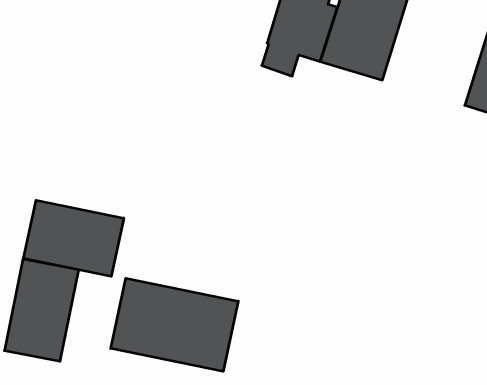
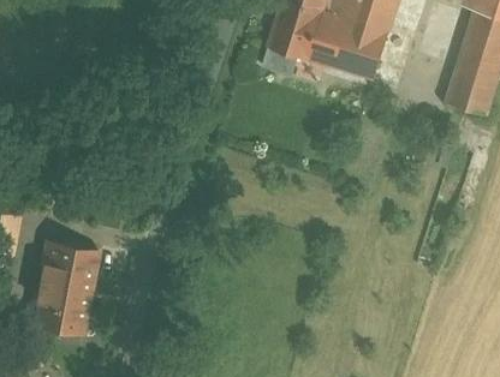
building: [24,200,124,276] -> none
building: [111,278,238,371] -> none

